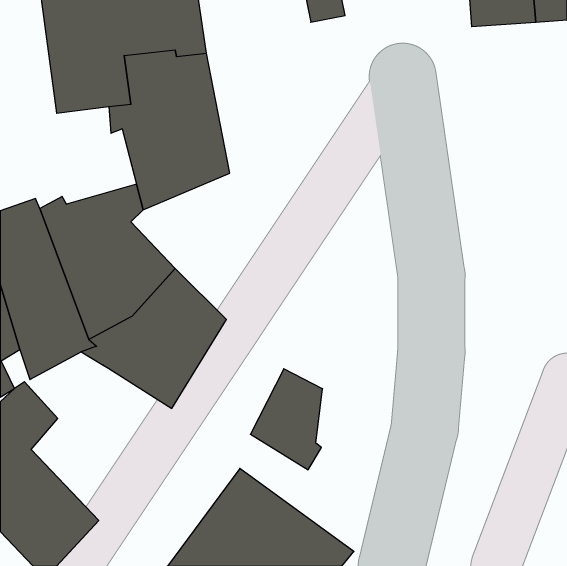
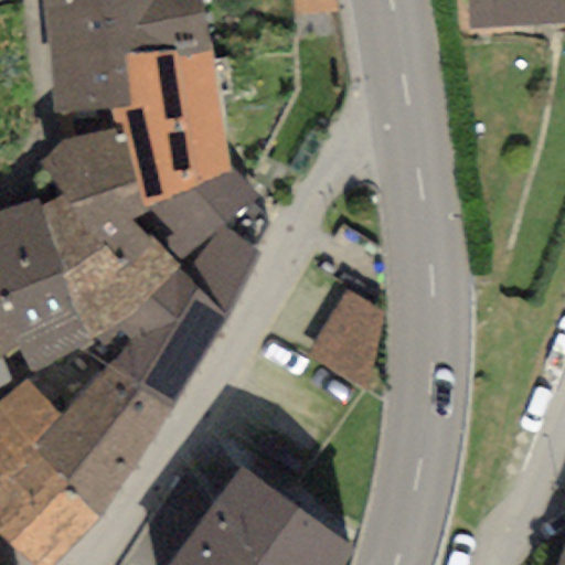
building: none -> [39,128,136,203]
building: none -> [130,172,262,318]
building: none -> [31,363,171,518]
building: [250,369,323,470] -> [308,292,380,393]

